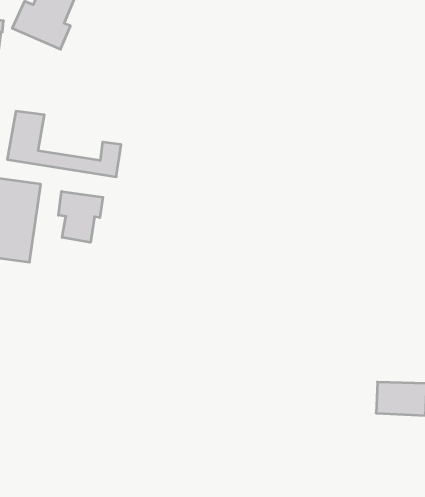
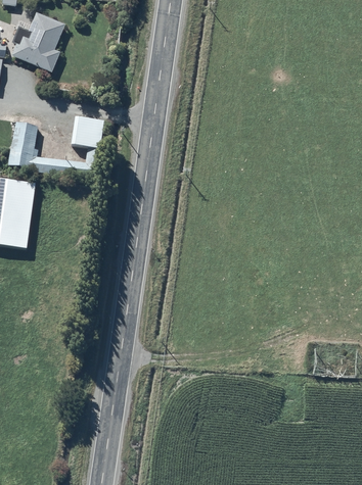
building: none -> [73,117,100,145]
building: [58,191,103,242] -> none

